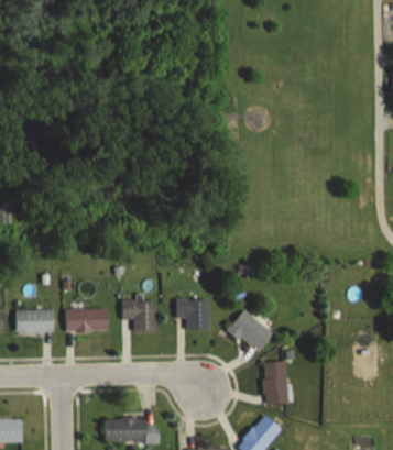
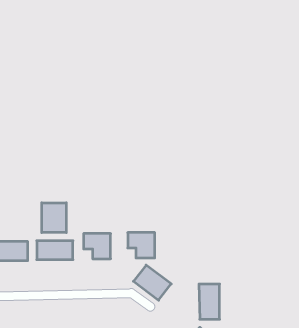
building: none -> [42,203,66,233]
building: [228,310,274,353] -> [133,265,171,300]

